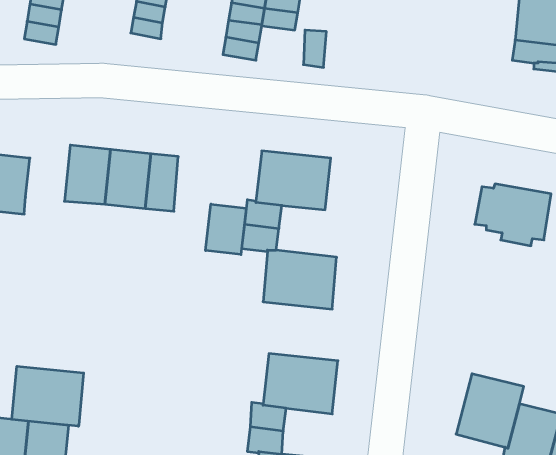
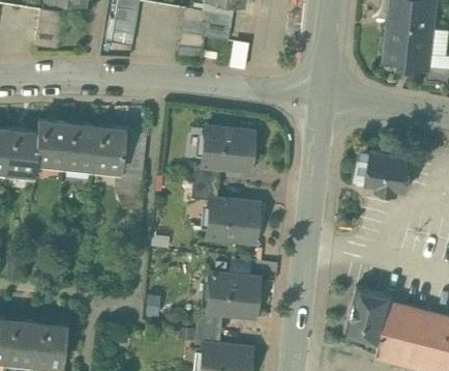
building: none -> [35,121,67,165]
building: [206,204,246,255] -> none
building: [12,366,84,426] -> none

